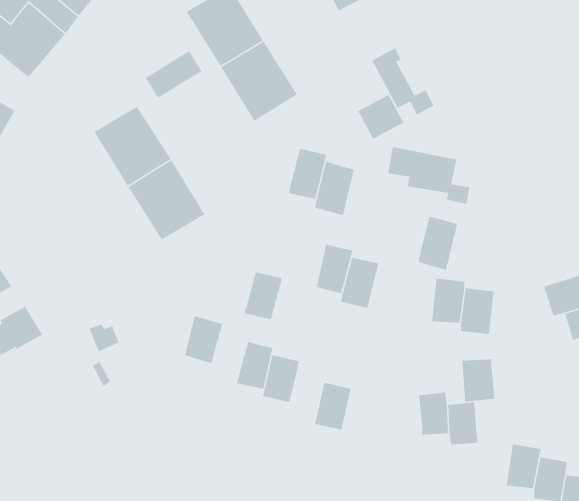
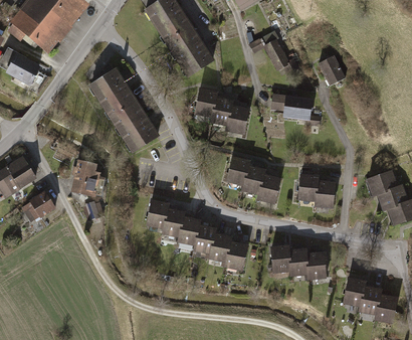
building: [145,50,203,99] -> none
building: none -> [319,57,346,89]
building: [357,94,404,140] -> none
building: none -> [193,86,216,117]
building: [417,215,458,271] -> [256,169,281,203]
building: none -> [71,159,106,196]
building: [244,271,283,320] -> [160,205,184,235]
building: [461,359,495,402] -> [269,241,290,269]
building: none -> [208,231,231,261]

